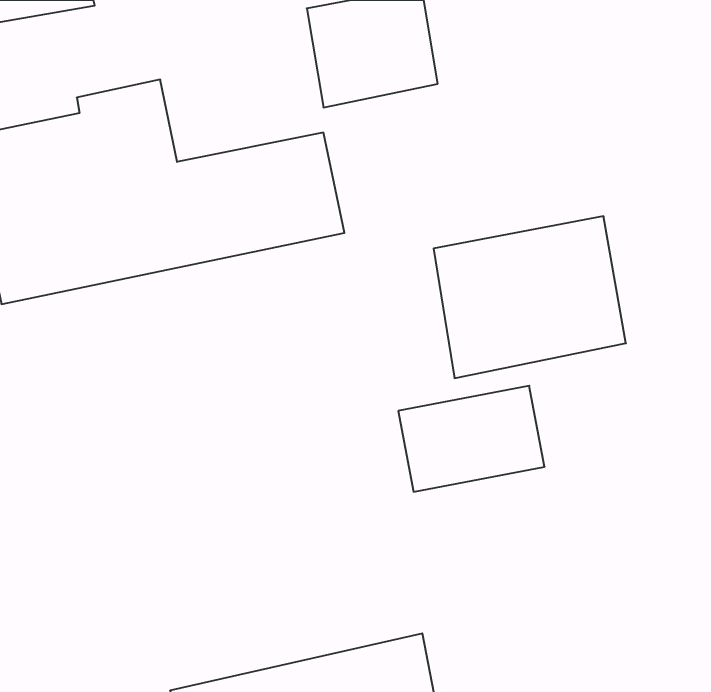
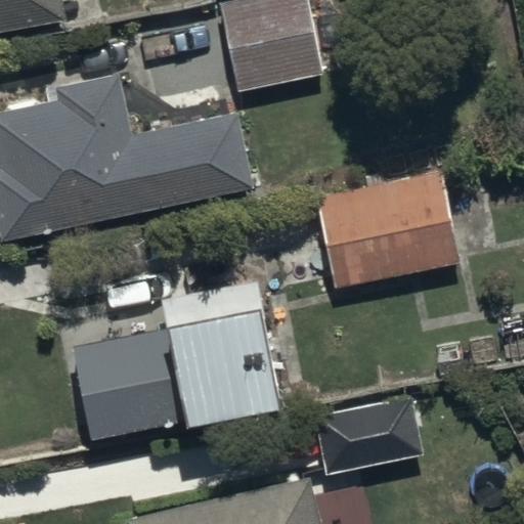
building: none -> [69,290,278,437]
building: [398,386,545,492] -> [313,398,421,476]

